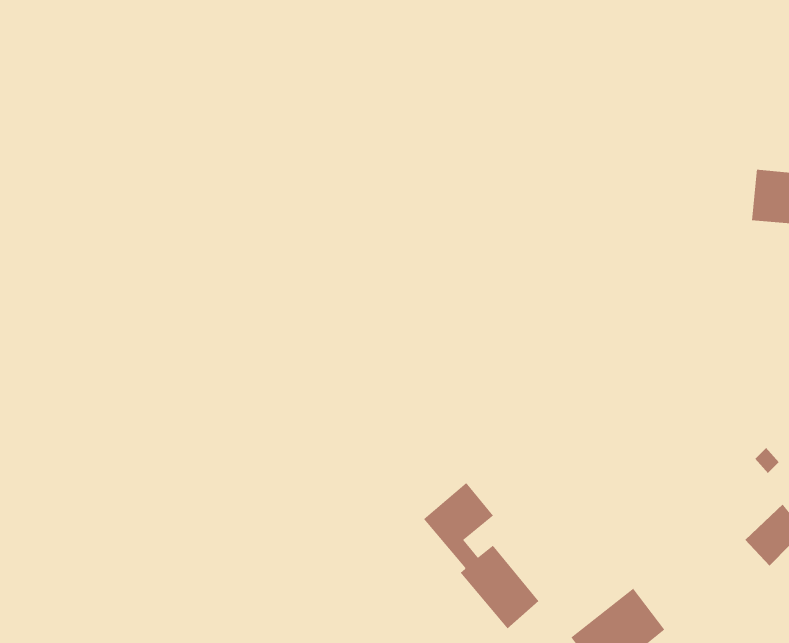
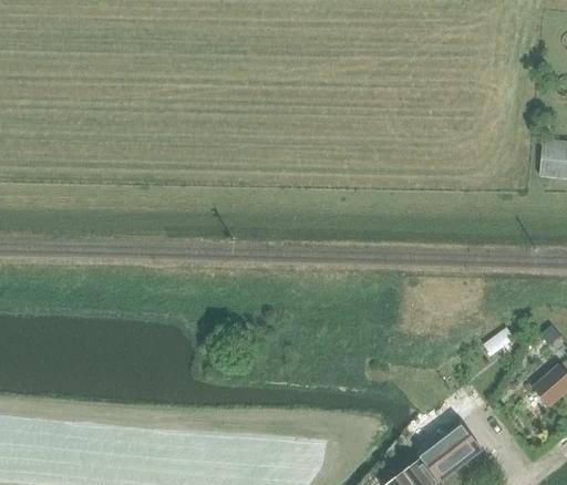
building: [423,482,539,629] -> none

